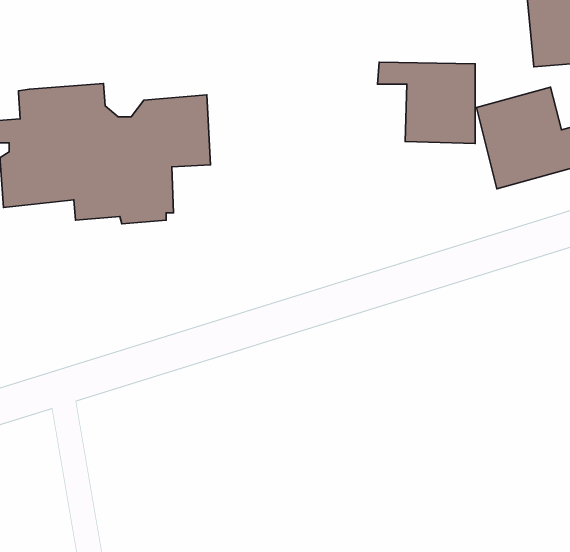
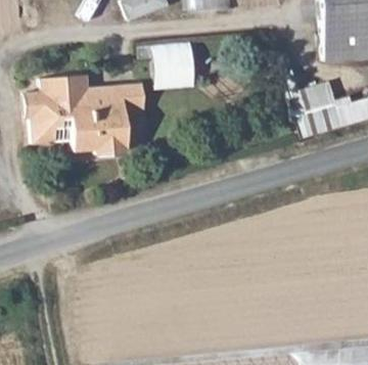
building: [377,62,475,143] -> [145,44,199,89]

